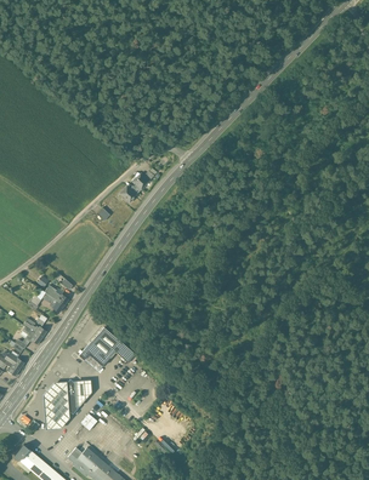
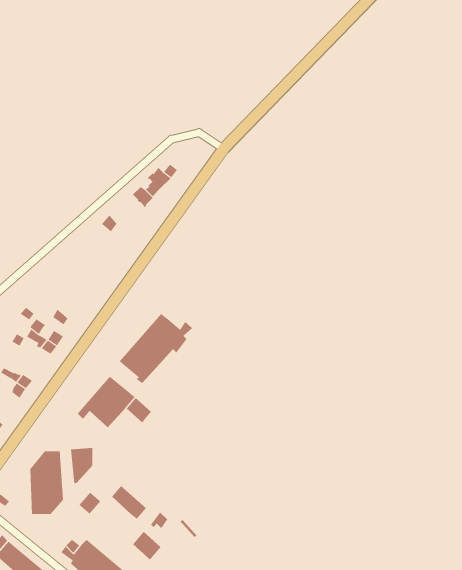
building: none -> [119,313,193,384]

